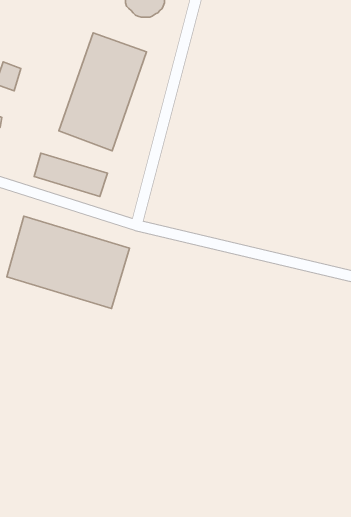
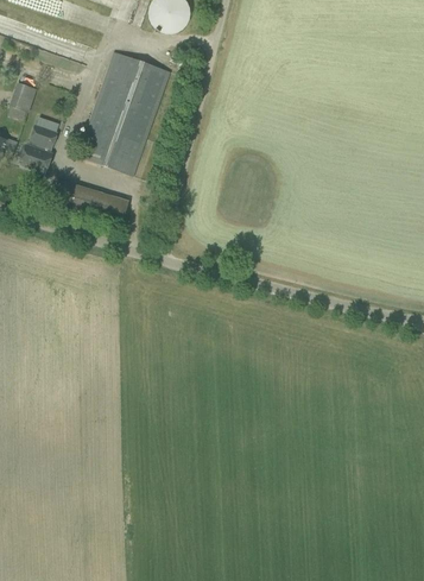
building: none -> [20,121,59,169]
building: [7,216,130,308] -> none

